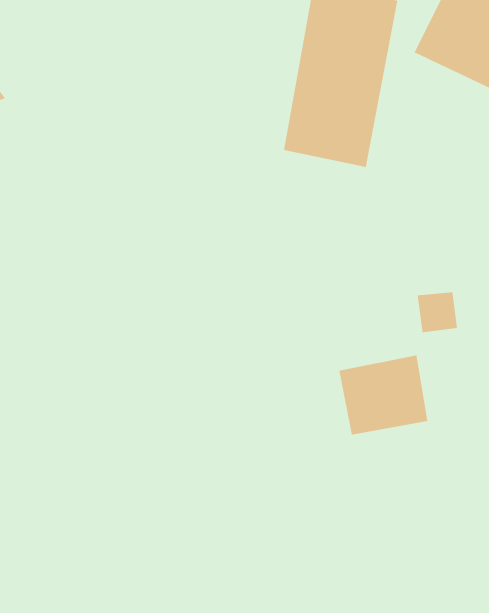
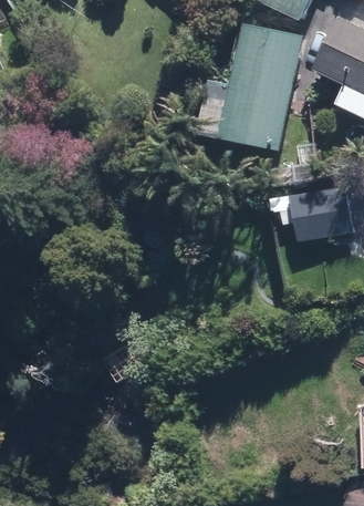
building: [338,355,428,435] -> [287,185,350,241]

